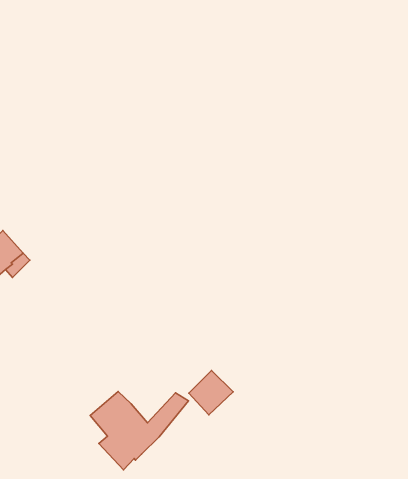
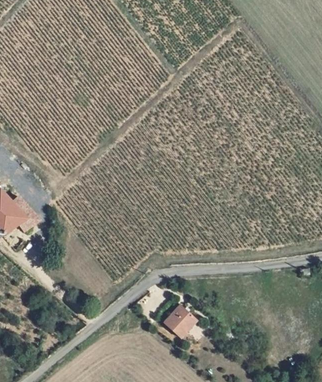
building: [90,391,189,470] -> none

